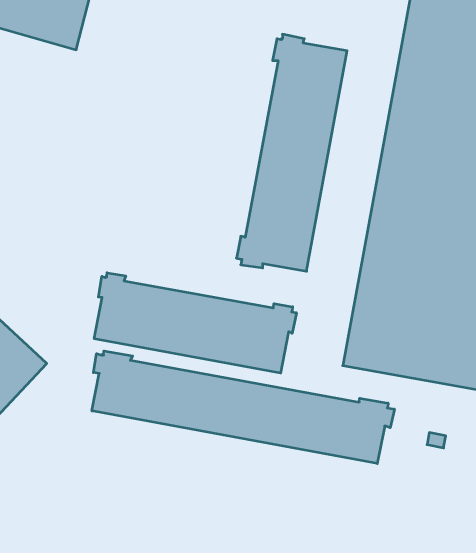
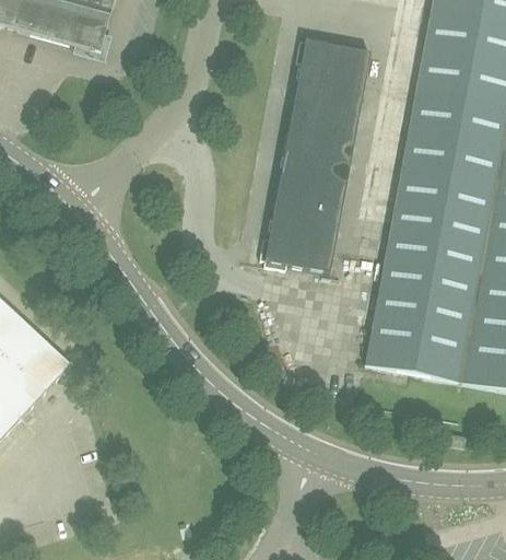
building: [94,273,296,373] -> none
building: [92,351,394,464] -> none

